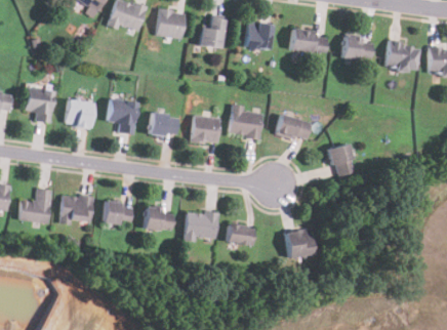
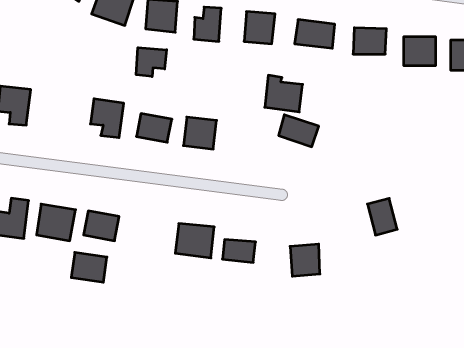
building: none -> [136,48,167,77]
building: [65,98,94,127] -> none
building: [229,105,262,137] -> [265,75,303,112]
building: [328,143,355,176] -> [367,198,397,235]
building: [143,205,174,232] -> [71,252,107,282]

